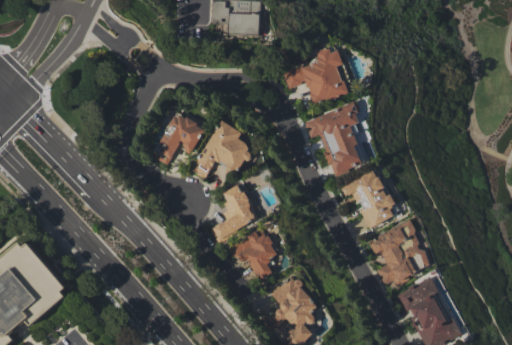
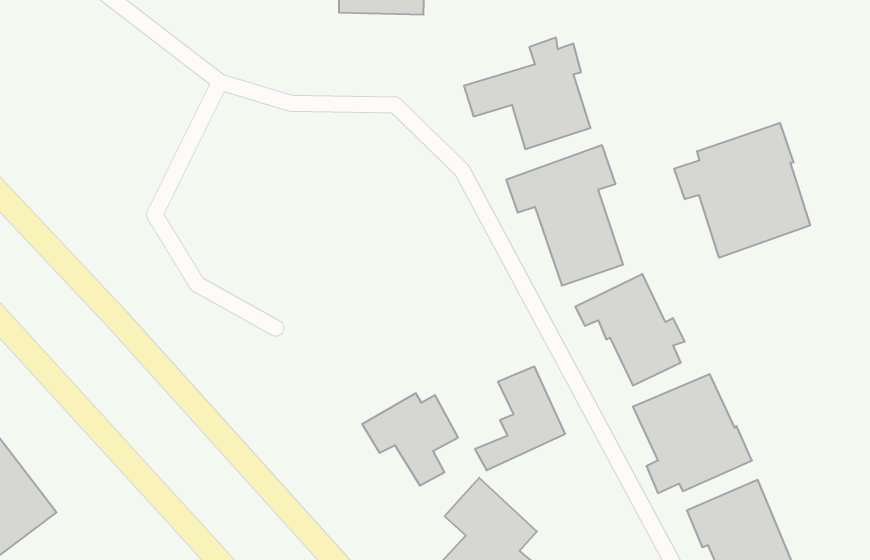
building: none -> [674,123,810,258]
building: [154,112,205,164] -> none
building: [195,120,251,178] -> none
building: [210,184,257,238] -> [475,366,565,470]

